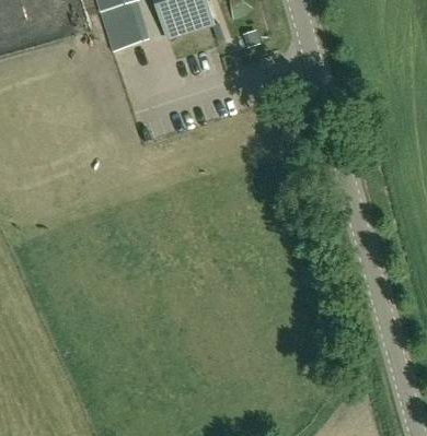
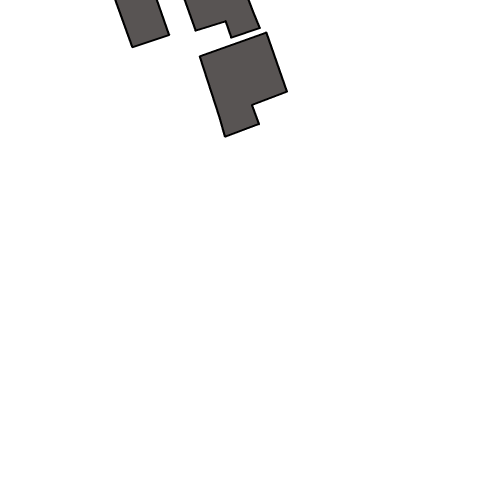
building: none -> [200,32,287,137]

